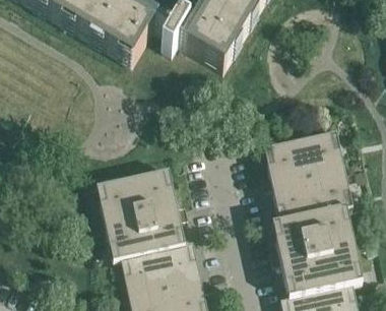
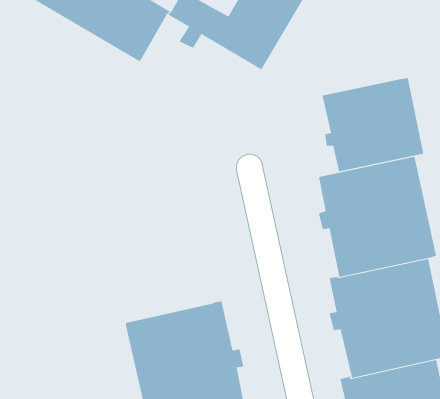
building: none -> [322,78,424,172]
building: [95,165,184,255] -> none

